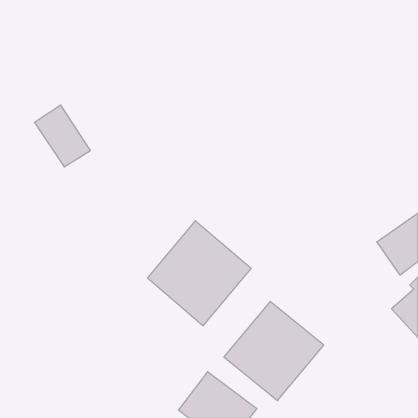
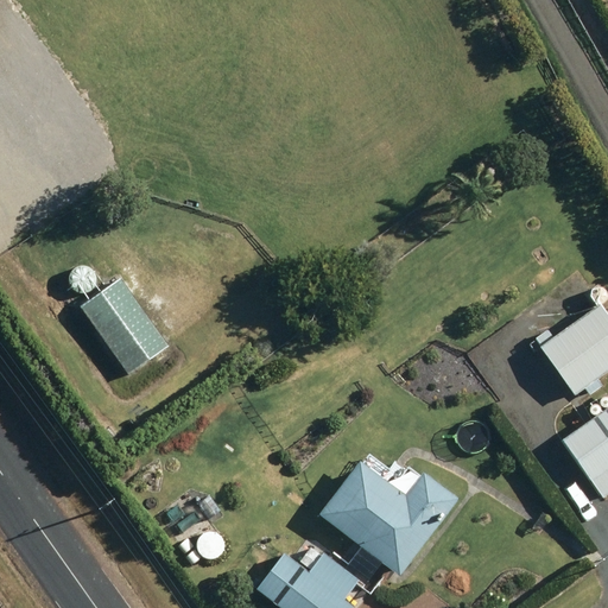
building: [34,105,91,167] -> [82,283,163,372]
building: [148,221,251,326] -> none

